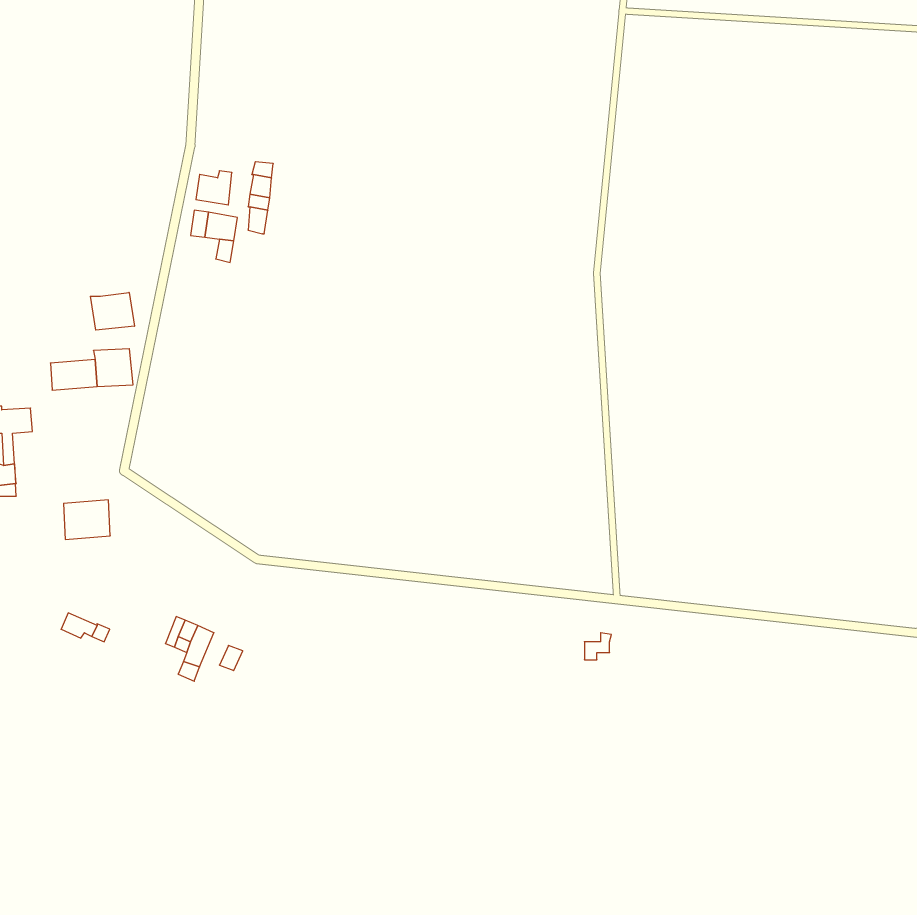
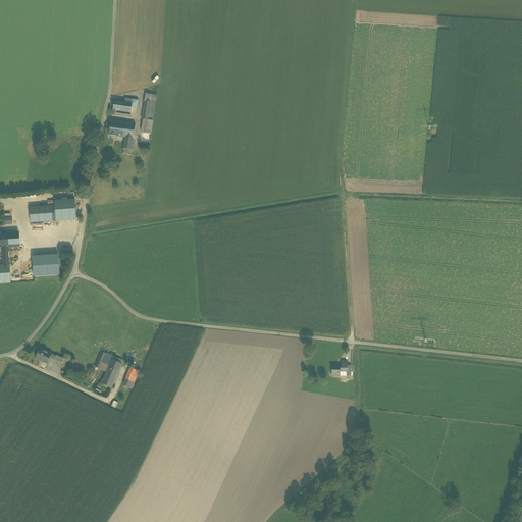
building: [90,292,134,330] -> none
building: [64,500,110,539] -> [32,253,58,275]

